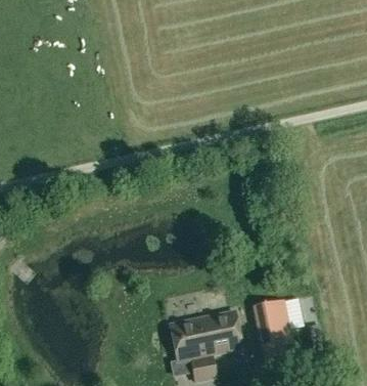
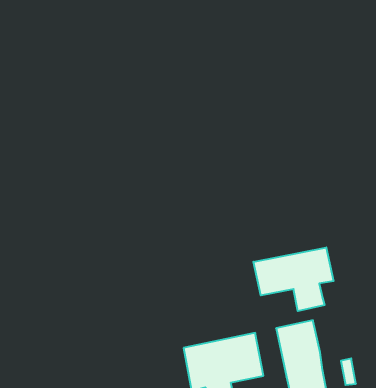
building: none -> [253,247,334,311]

